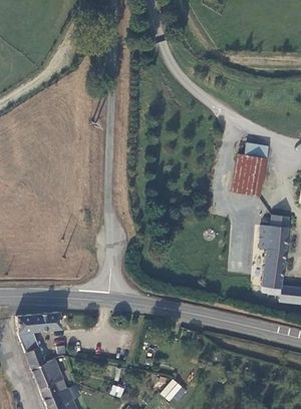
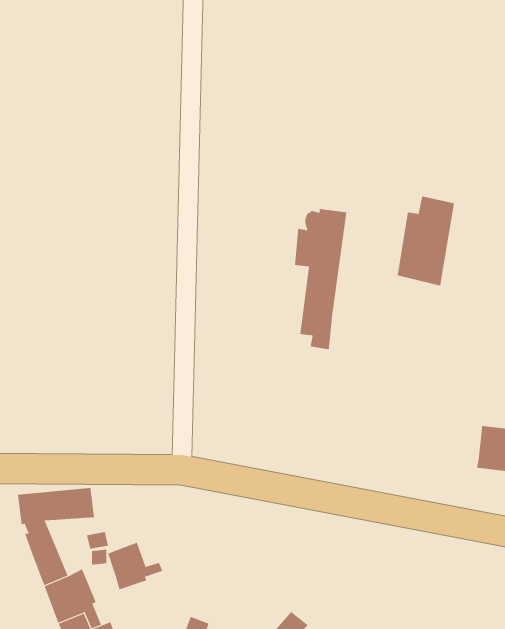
building: [259,215,289,295] -> [294,209,347,350]
building: none -> [107,542,163,590]

